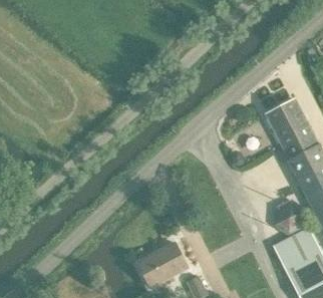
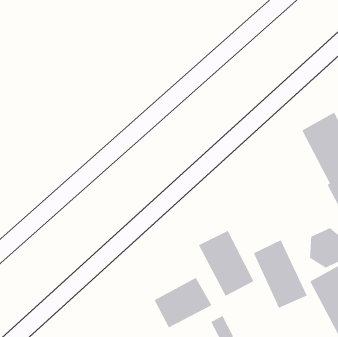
building: none -> [198,230,254,297]
building: none -> [253,239,308,309]

